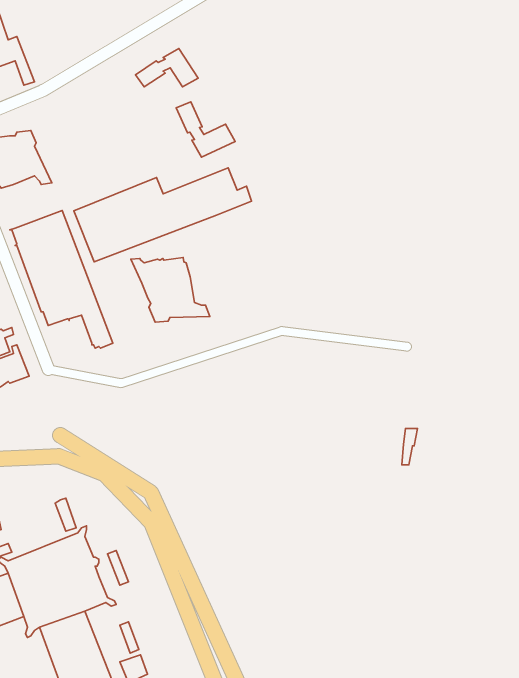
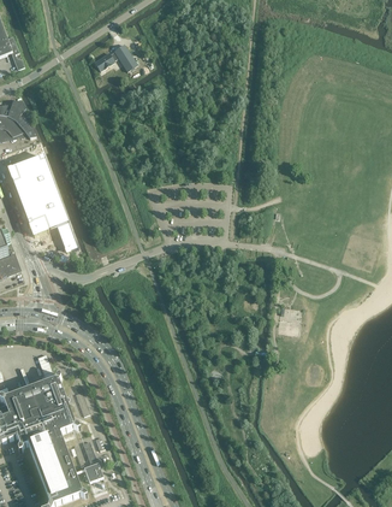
building: [176,102,235,157] -> none
building: [74,168,252,262] -> none
building: [131,257,210,322] -> none

